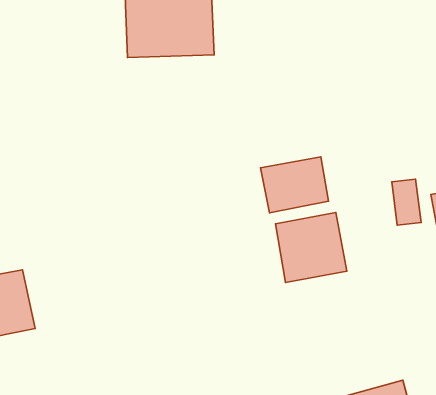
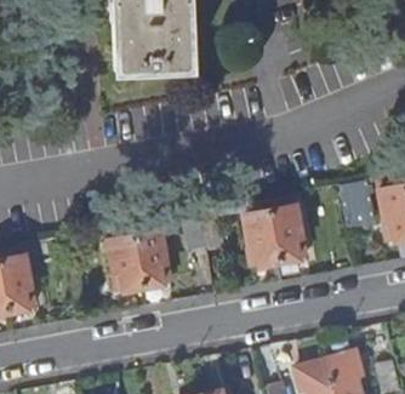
building: [260,157,329,213] -> none
building: none -> [108,232,171,292]

